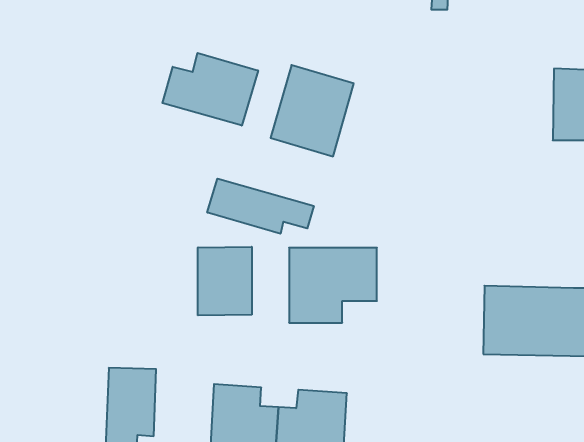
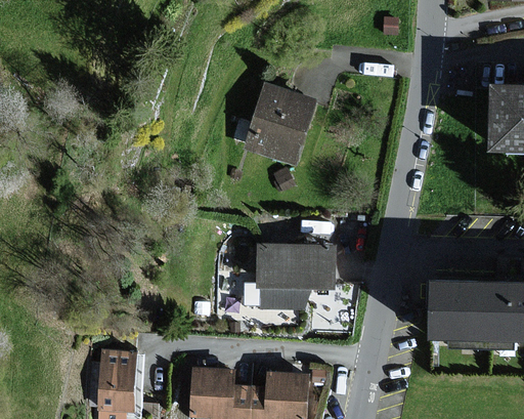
building: [162,53,258,126] -> none
building: [207,179,314,234] -> none
building: [198,247,252,315] -> none

